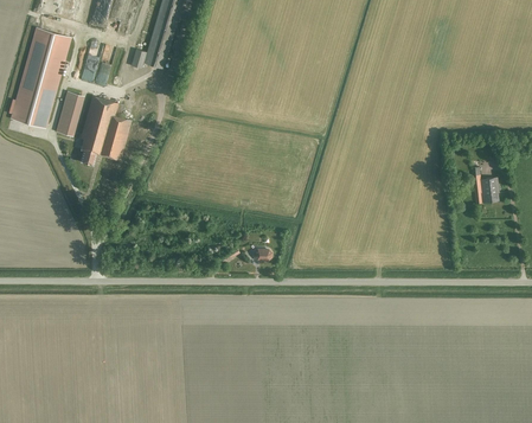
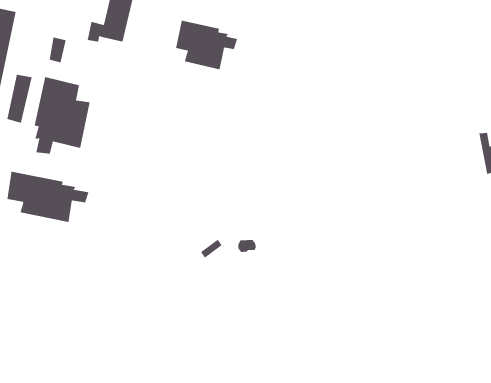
building: none -> [176,20,238,70]
building: none -> [7,171,89,223]

